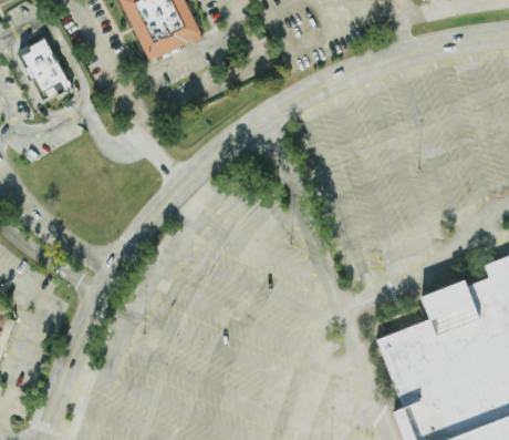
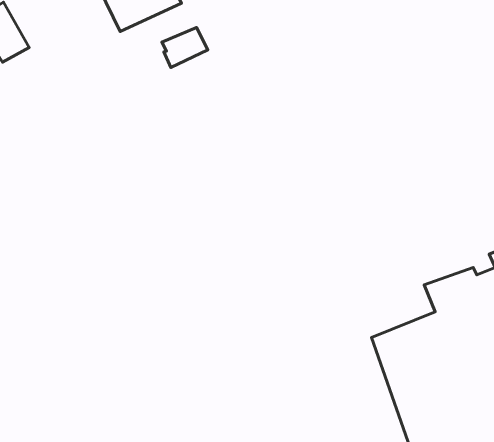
building: none -> [162,28,208,68]

